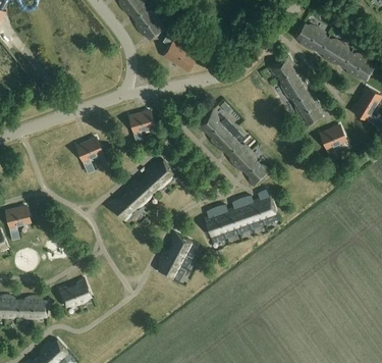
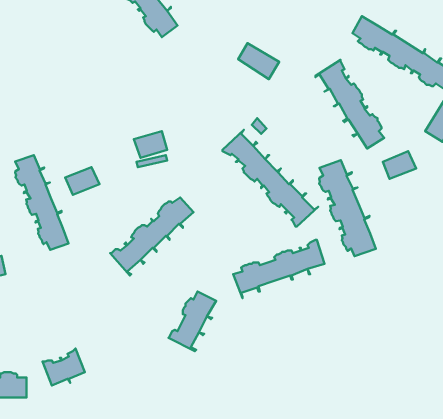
building: [165,43,197,70] -> [238,43,279,79]
building: none -> [15,155,69,250]
building: none -> [319,160,376,256]

